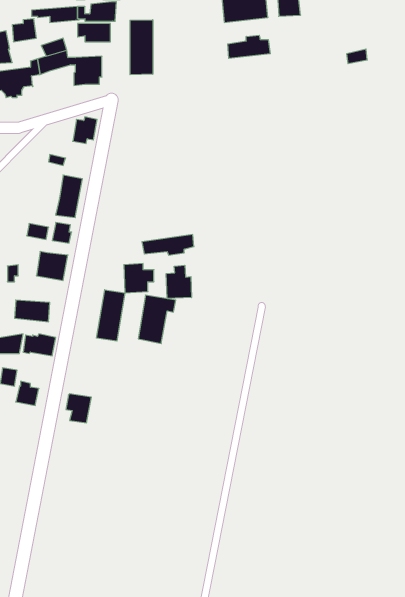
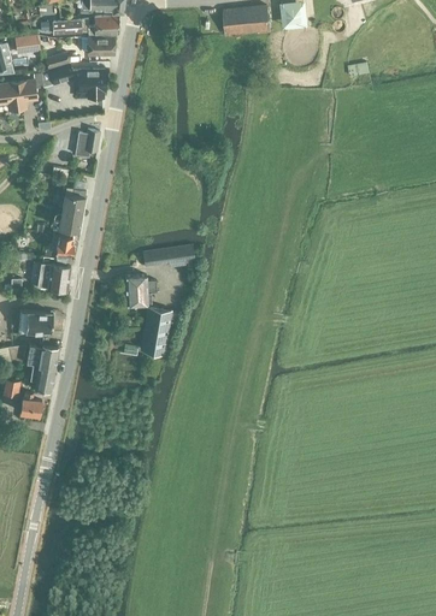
building: [130,20,153,75] -> none
building: [228,35,270,58] -> none
building: [166,265,191,299] -> none
building: [97,290,125,341] -> none
building: [66,394,91,423] -> [29,362,54,391]

